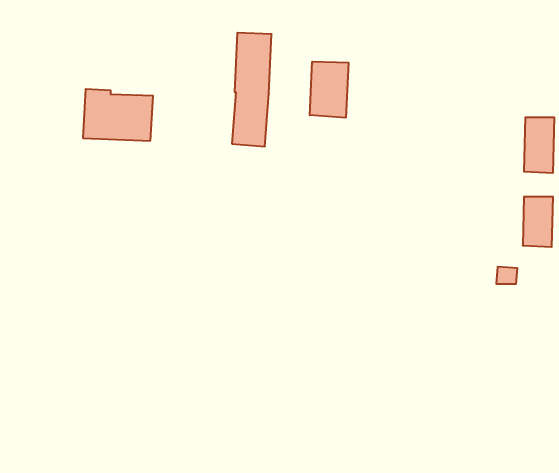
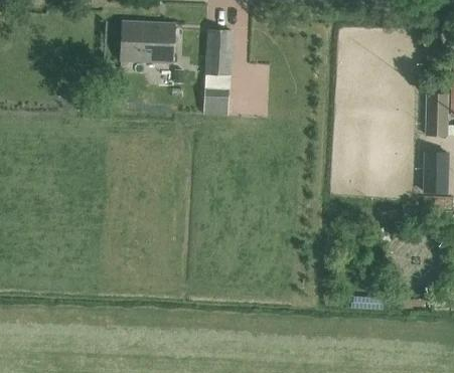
building: [310,62,348,118] -> none
building: [83,89,153,141] -> [121,23,174,62]

